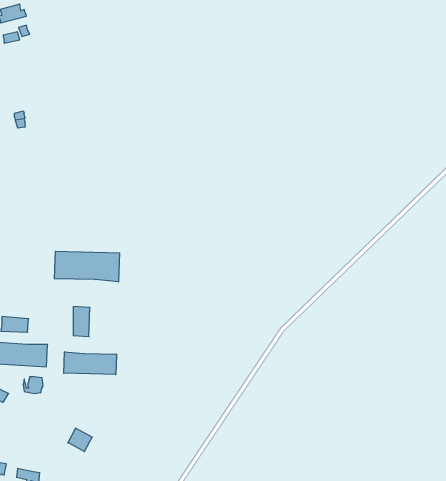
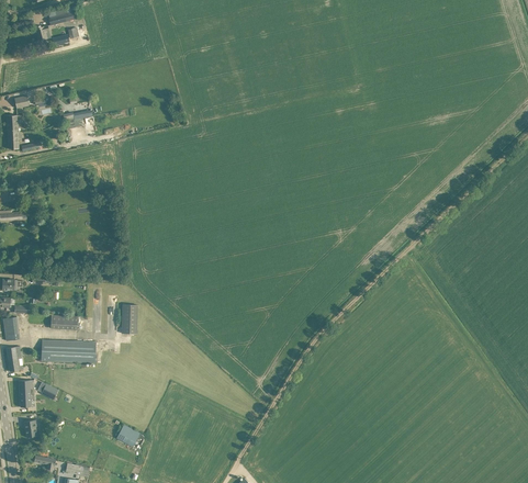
building: [54,251,120,282] -> none
building: [64,352,116,375] -> none

